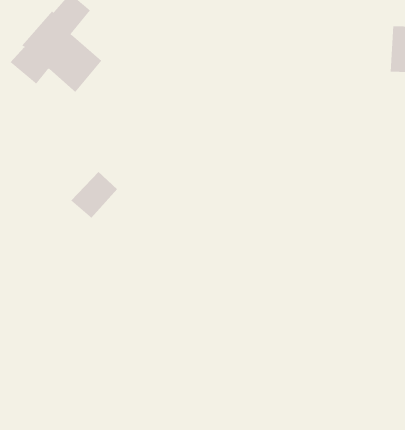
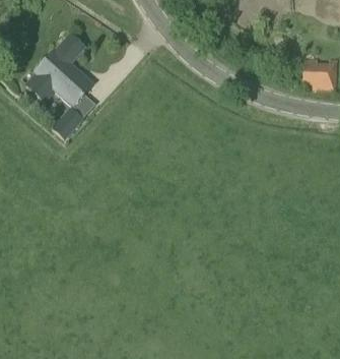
building: [70,171,118,219] -> [50,106,84,140]

